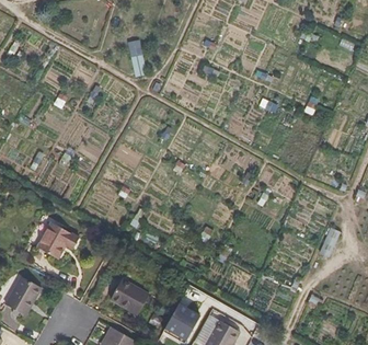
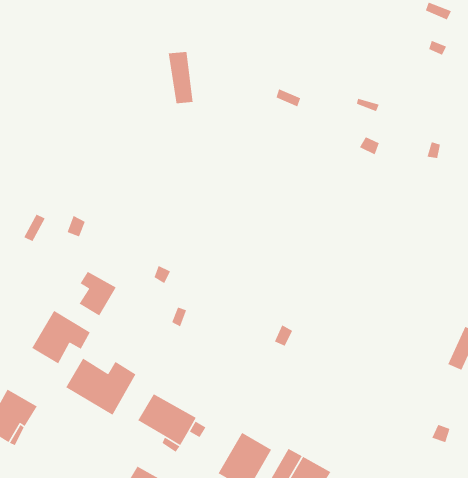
building: none -> [78,271,117,316]
building: none -> [65,357,136,416]

